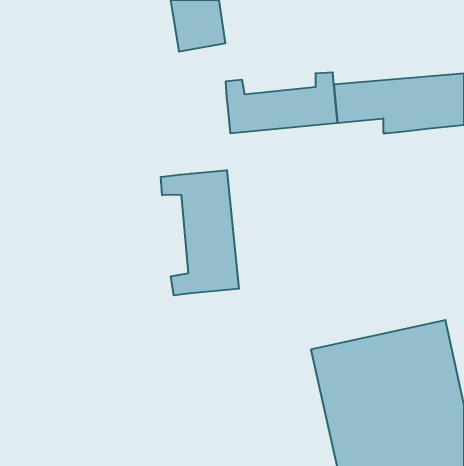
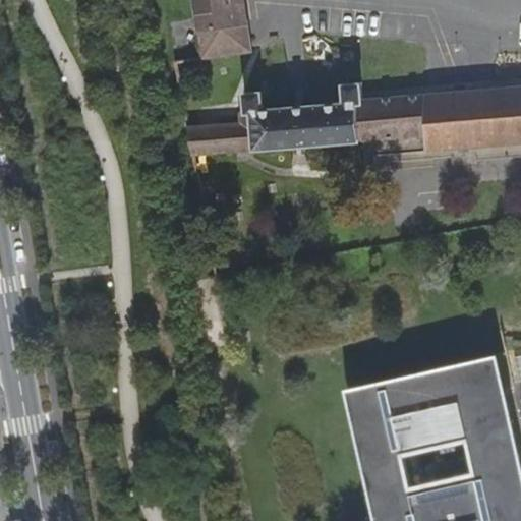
building: none -> [186,110,255,157]
building: [161,170,239,295] -> none

